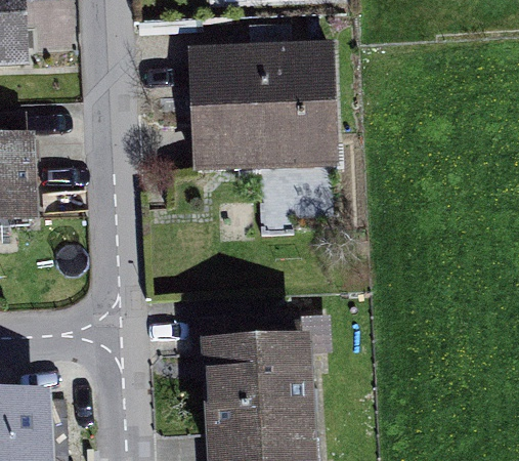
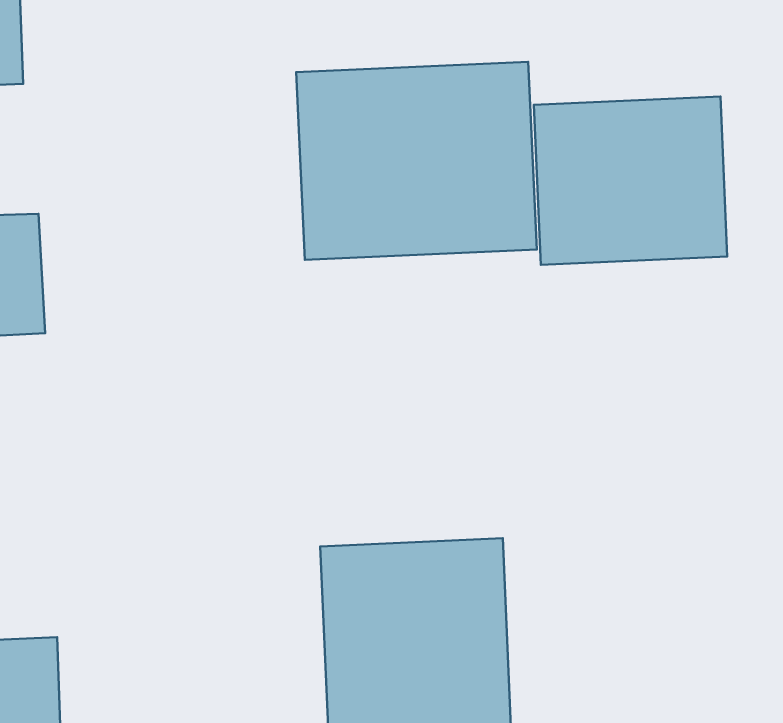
building: none -> [534,97,727,265]

